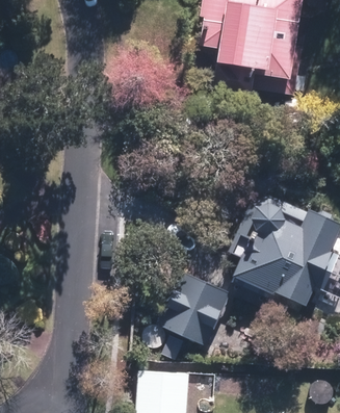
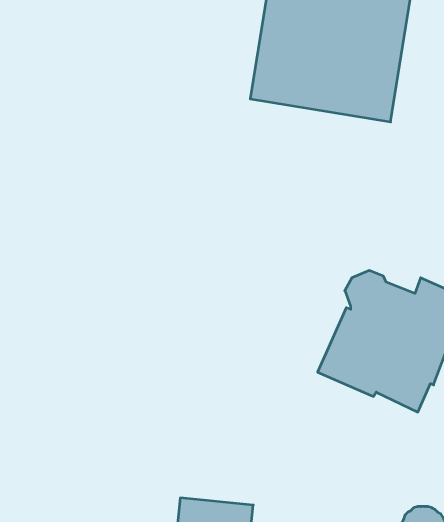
building: [158,272,230,346] -> none

